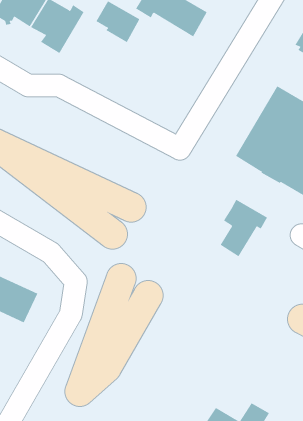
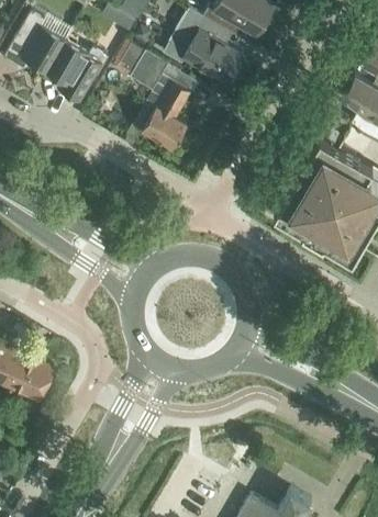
building: none -> [141,81,190,148]
building: [220,199,268,257] -> none

